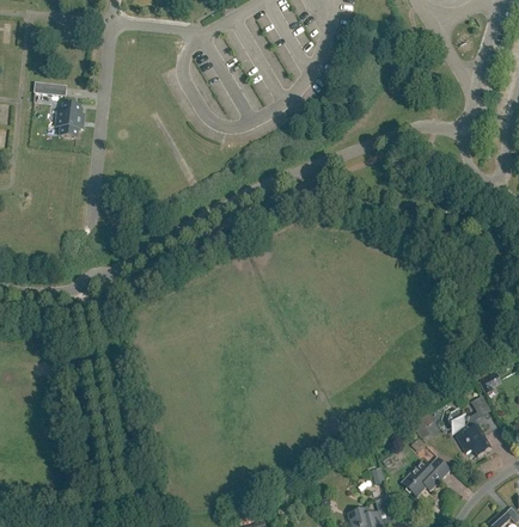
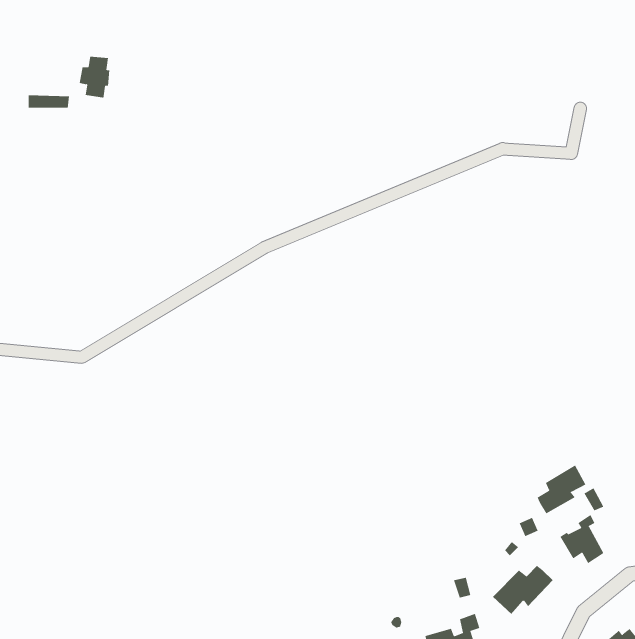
building: [55,103,80,136] -> [79,56,110,98]
building: none -> [537,464,586,514]

